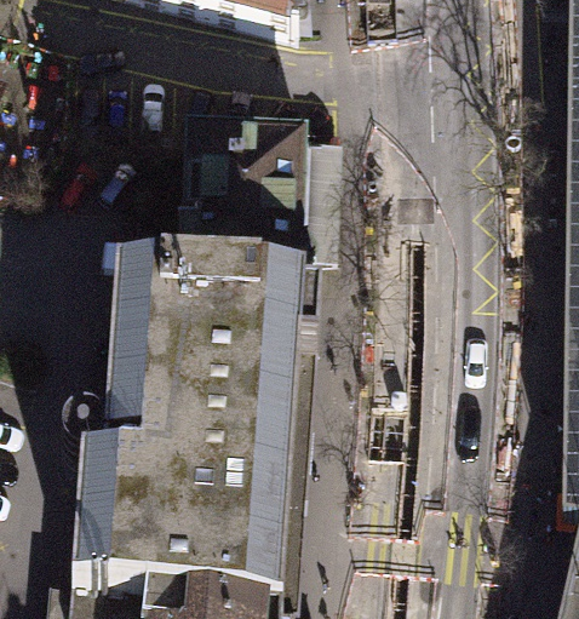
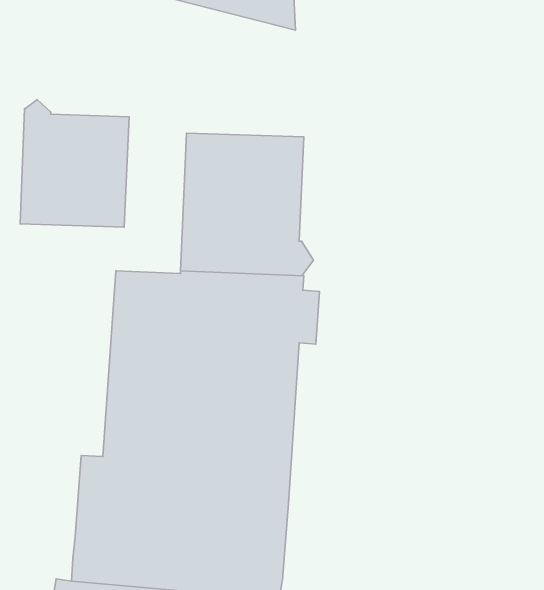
building: none -> [20,99,129,227]

